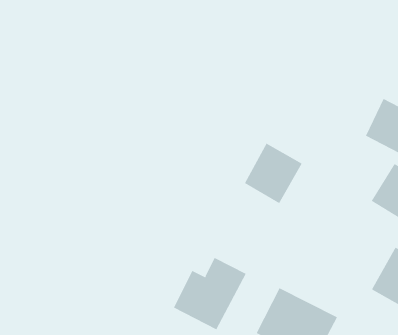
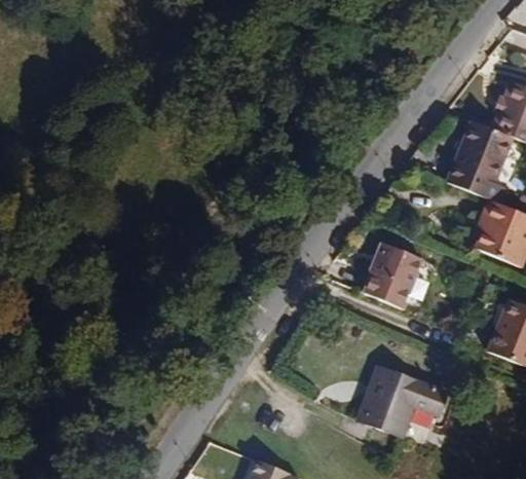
building: [244,143,303,204] -> [362,241,427,310]
building: [173,257,246,330] -> none

